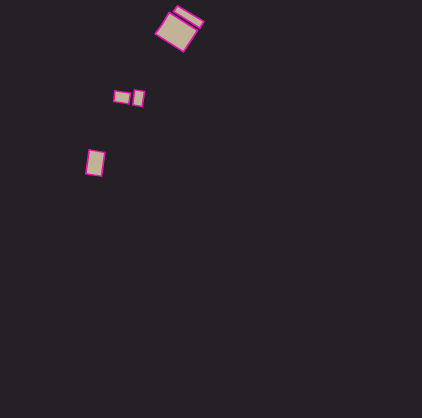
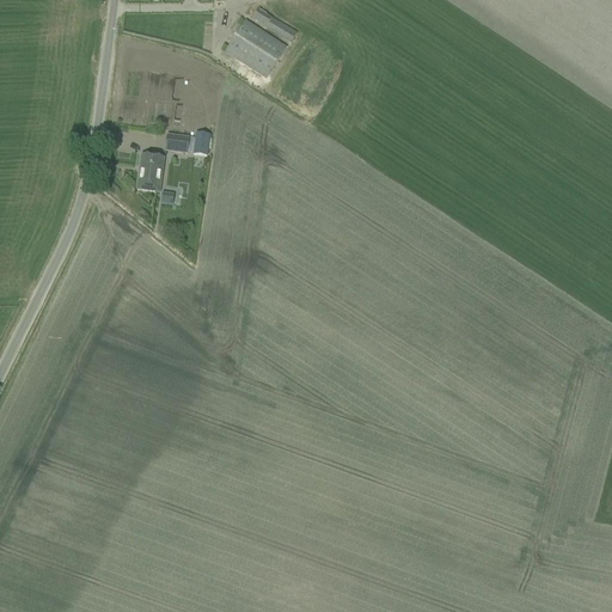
building: [86,150,105,176] -> [136,152,164,190]

